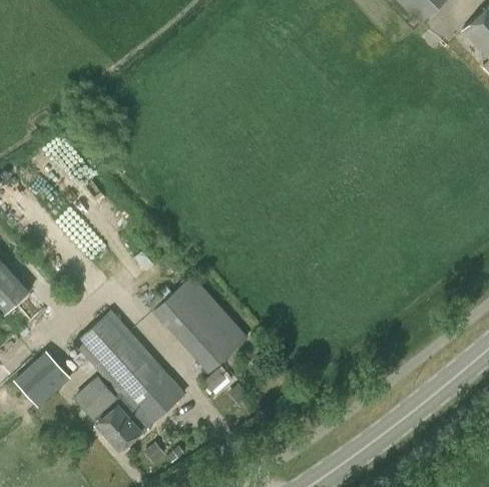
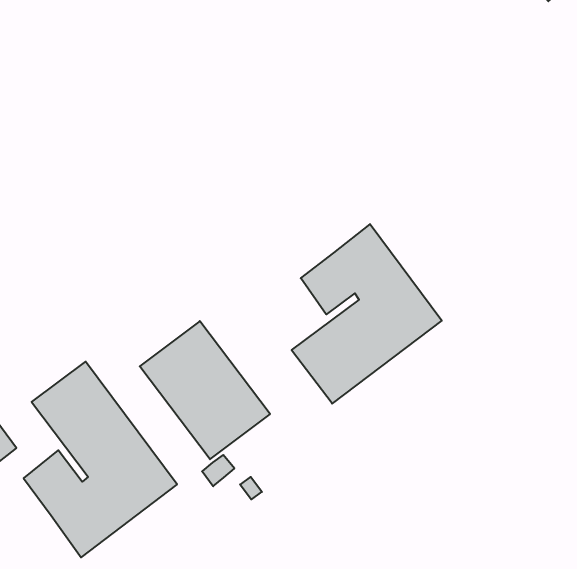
building: none -> [292,224,442,404]

